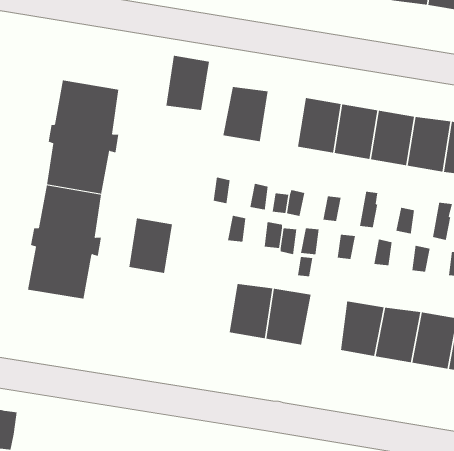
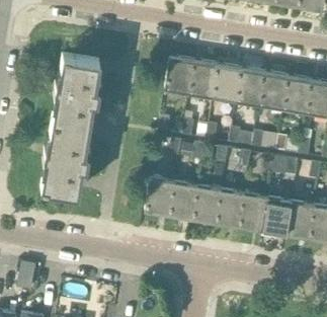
building: [165,55,210,111] -> [190,61,219,96]
building: [128,218,173,273] -> [147,179,175,215]
building: none -> [217,190,245,226]

